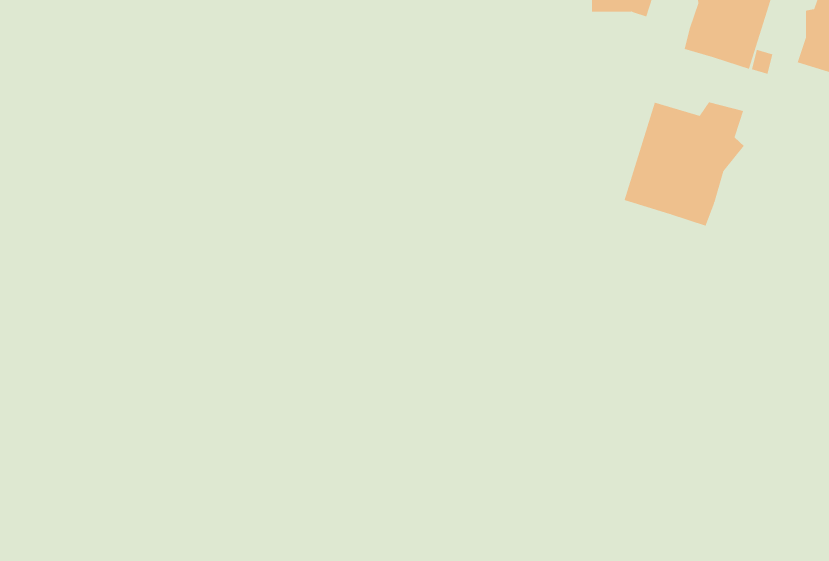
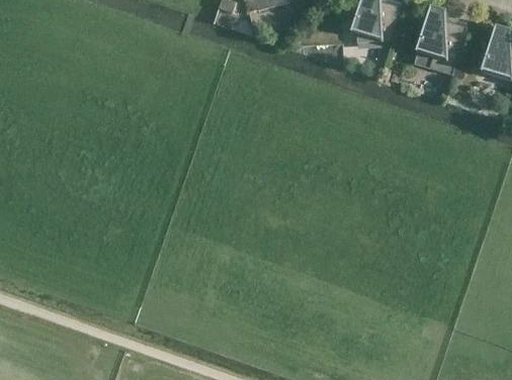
building: [624,102,745,226] -> none

